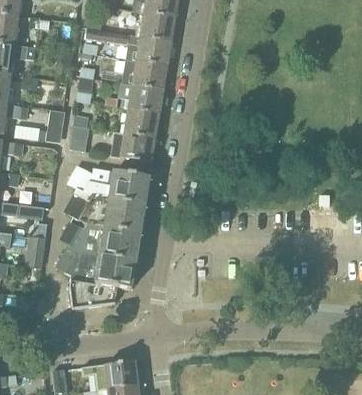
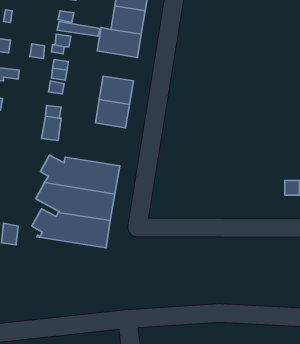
building: [122,59,167,90] -> none
building: [37,110,65,143] -> none
building: [111,132,155,163] -> none
building: [55,250,135,308] -> none

